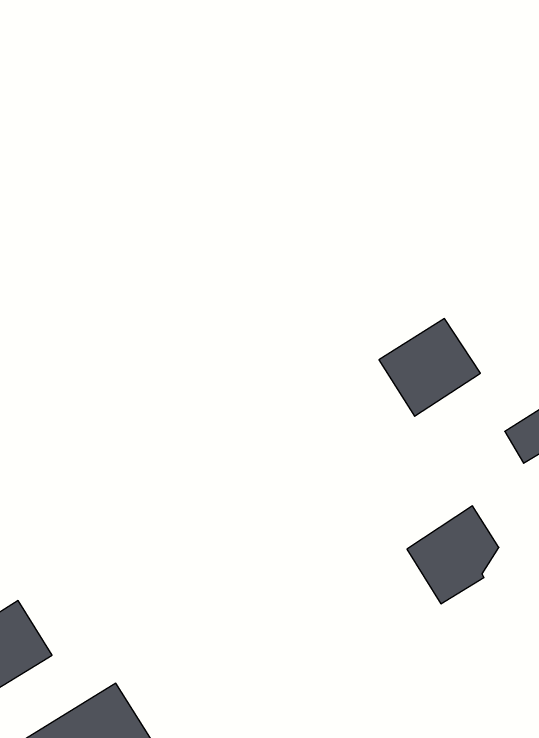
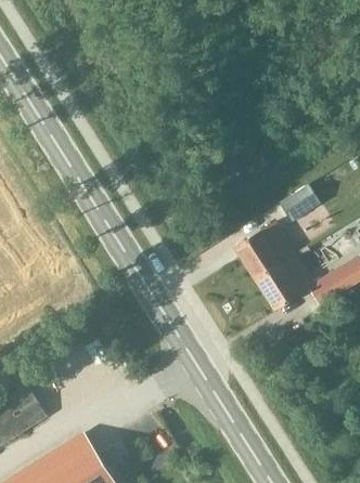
building: none -> [279,185,320,222]
building: [407,506,499,604] -> [255,254,308,311]

